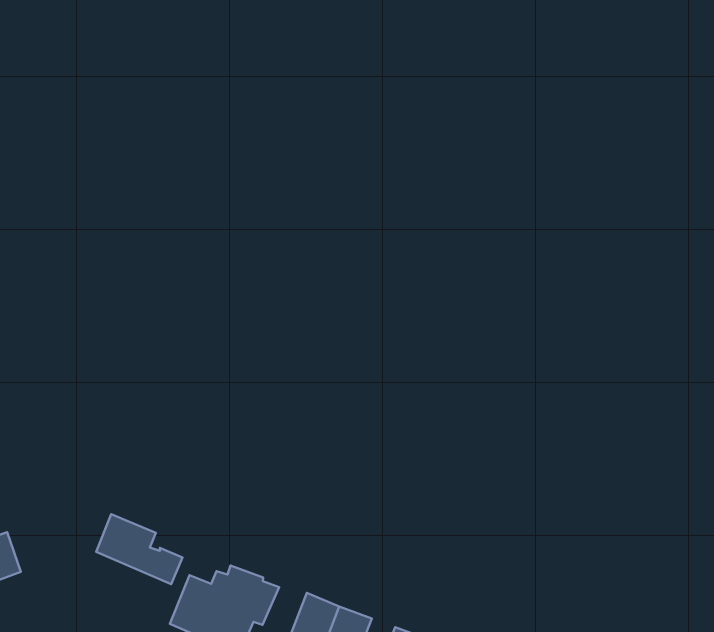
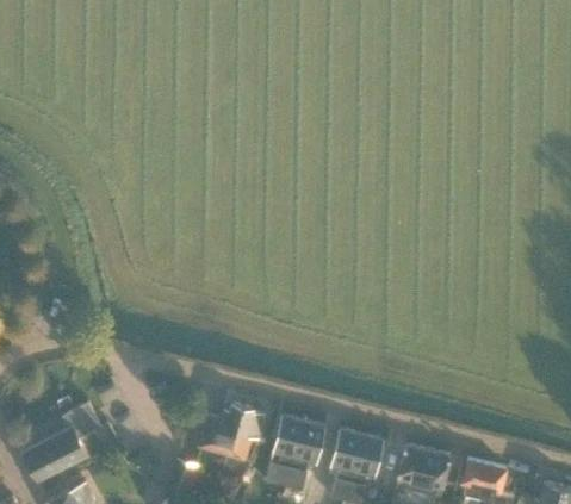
building: [96,514,183,584] -> none

